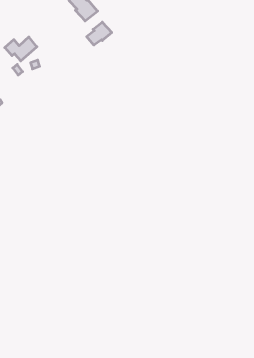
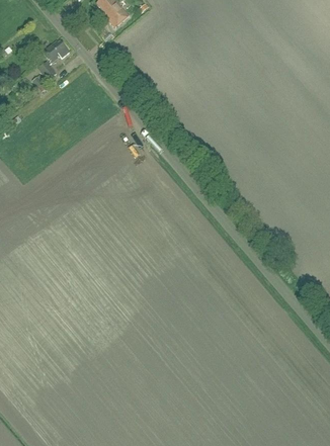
building: [87,22,112,45] -> none

